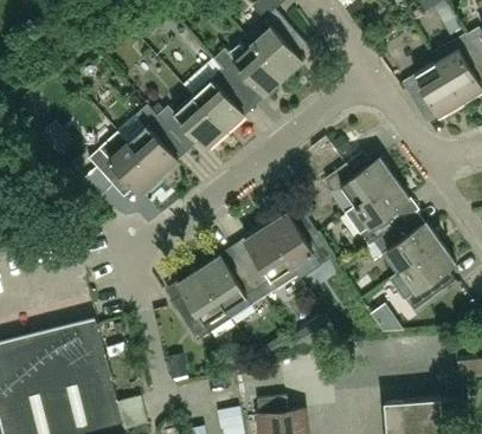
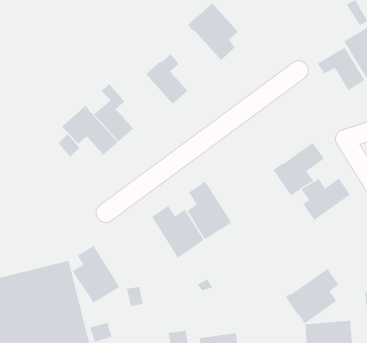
building: [212,43,282,96] -> none
building: [155,96,223,149] -> none
building: [327,157,394,205] -> none
building: [263,212,330,279] -> none
building: [388,242,455,311] -> [285,268,339,324]
building: [169,270,229,341] -> [72,245,120,303]

